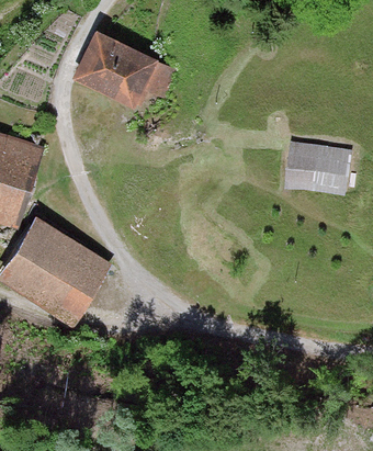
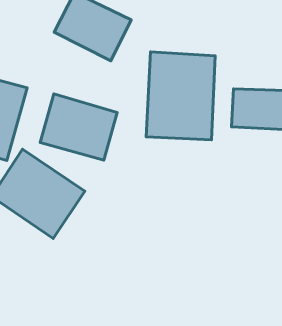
building: none -> [146,52,215,140]
building: none -> [40,94,117,160]

